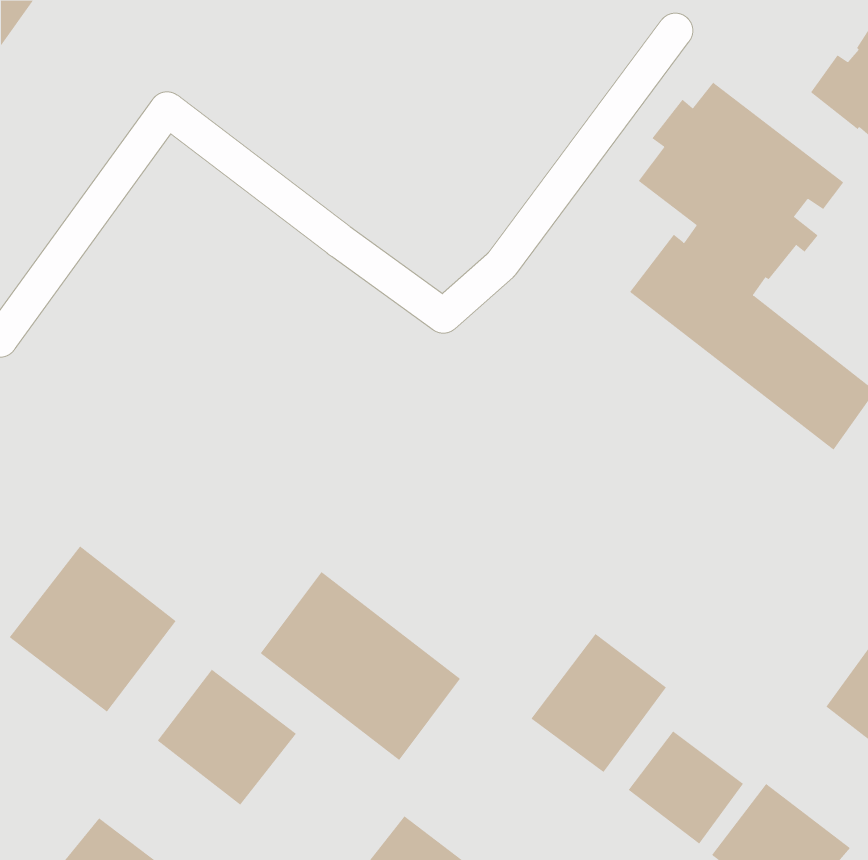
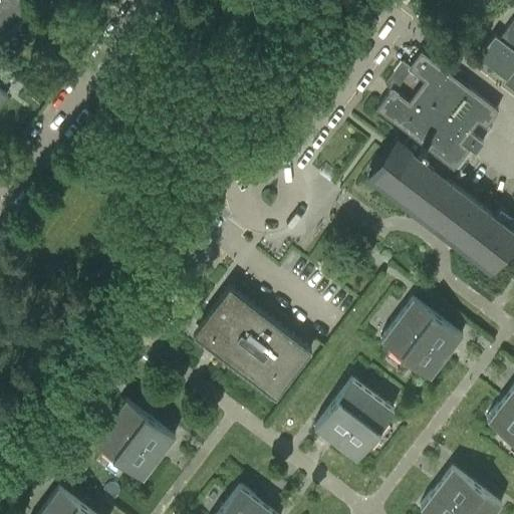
building: none -> [381,299,464,379]
building: [9,545,177,712] -> none
building: [260,571,461,761] -> [194,289,312,401]
building: [628,731,744,845] -> none

